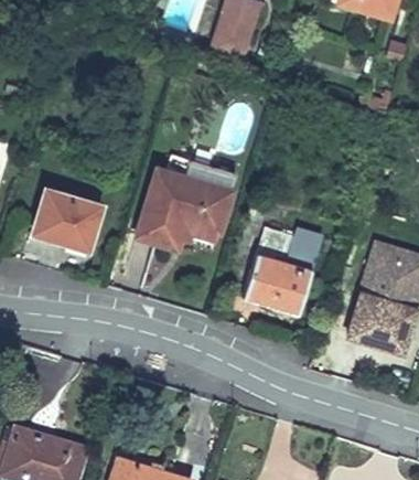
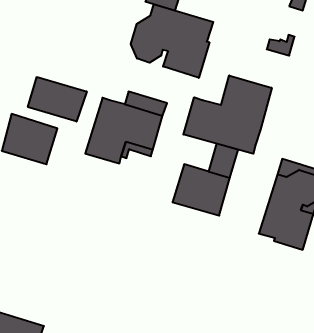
building: none -> [131,4,213,78]
building: none -> [183,75,272,154]
building: none -> [28,77,87,122]

